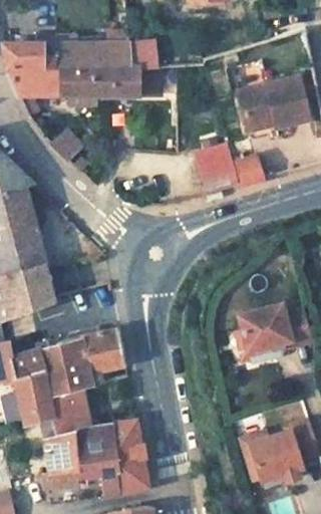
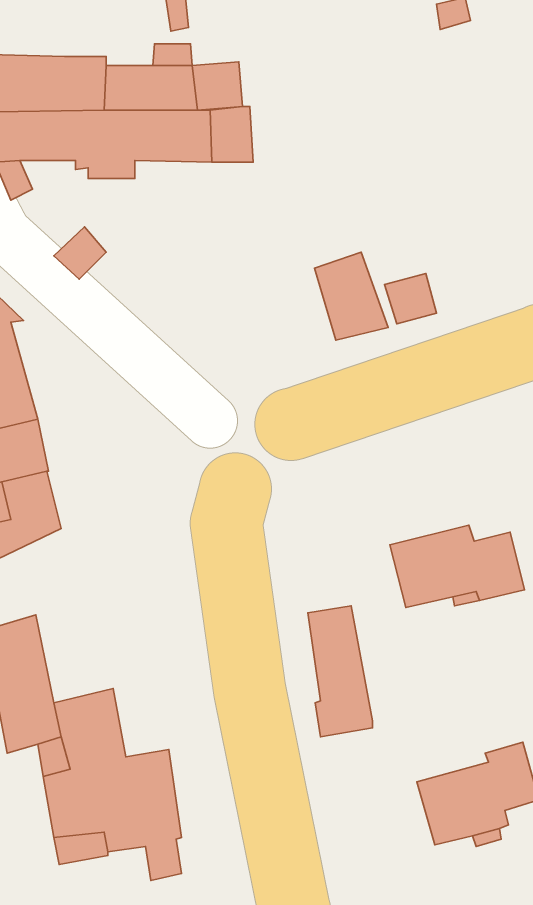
building: [238,78,307,136] -> none
building: [39,329,126,399] -> none
building: [113,421,149,494] -> [308,606,373,737]

